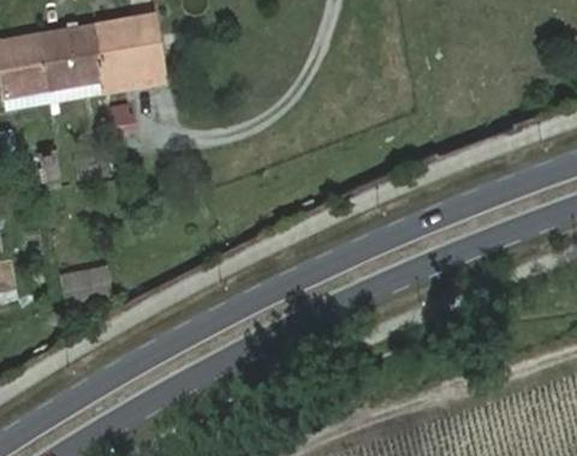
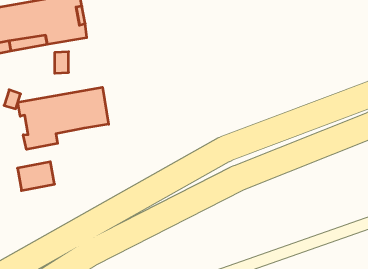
building: none -> [18,87,109,149]

